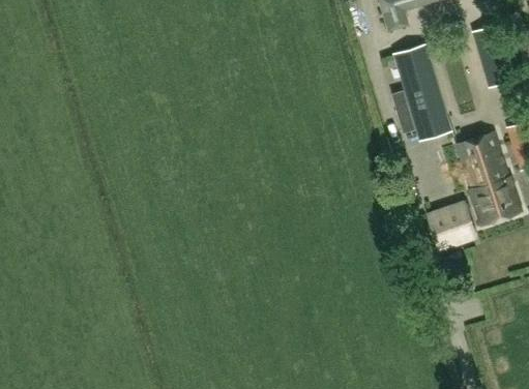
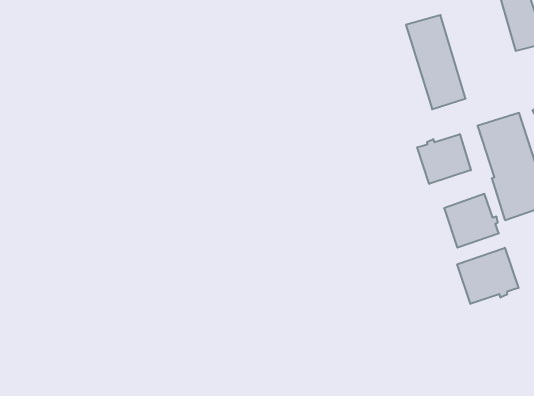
building: none -> [417,134,471,184]
building: none -> [457,248,519,304]

